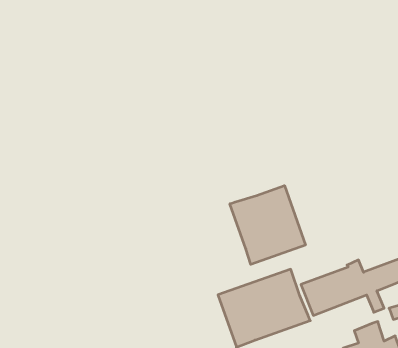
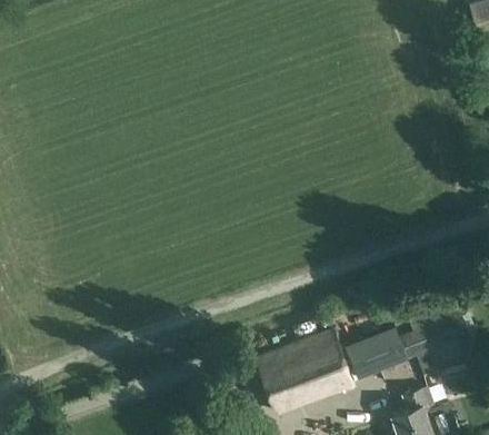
building: [230,186,305,264] -> none

